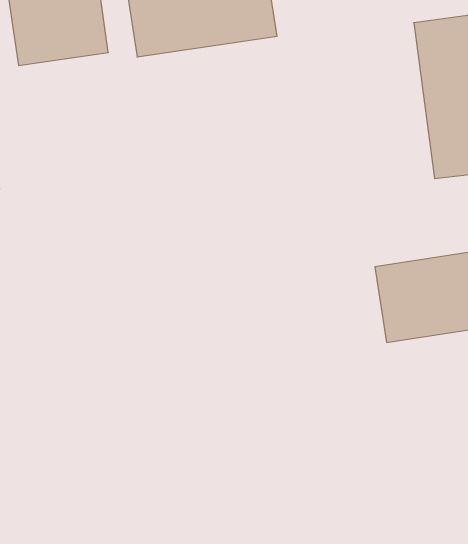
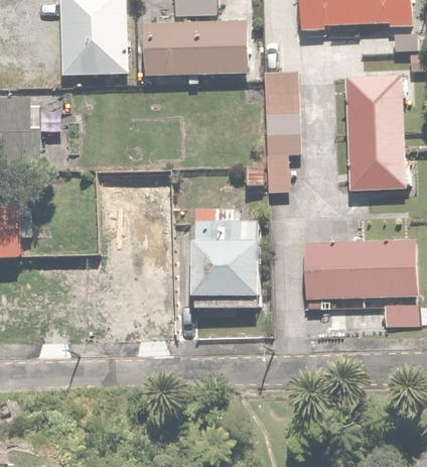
building: none -> [261,70,298,189]
building: none -> [194,222,257,308]

